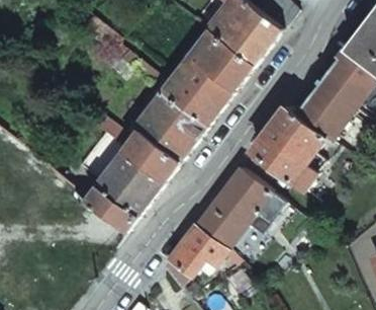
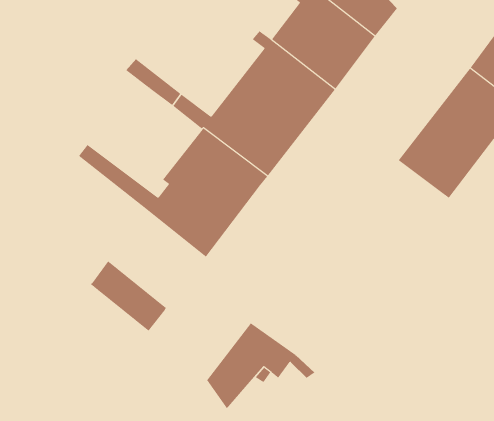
building: [252,105,337,189] -> none
building: [96,148,164,215] -> none
building: [194,166,270,247] -> none

